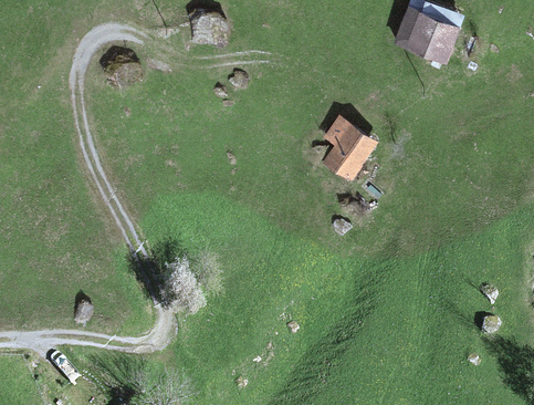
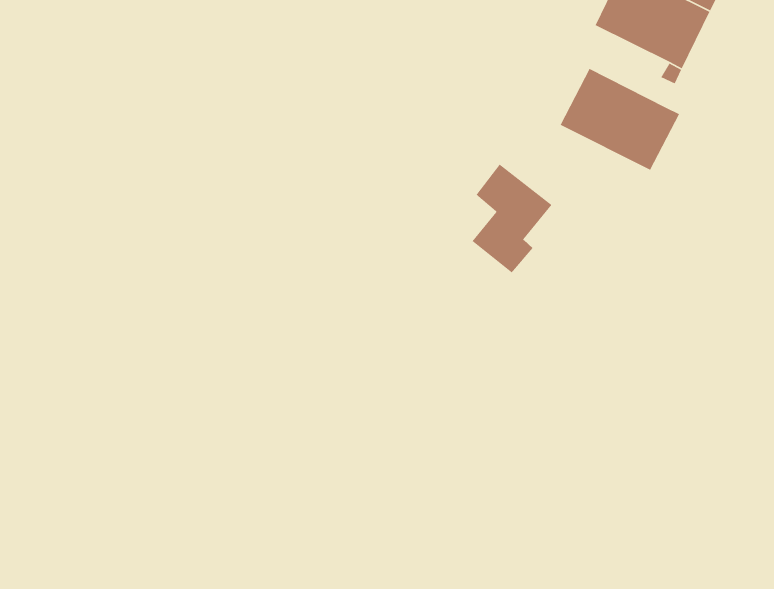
building: none -> [559,68,680,171]

